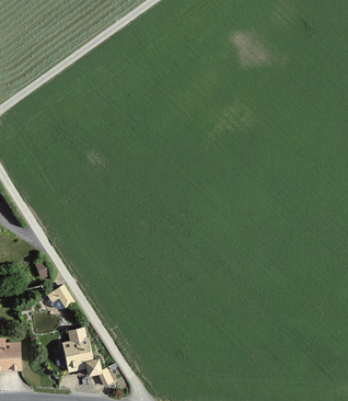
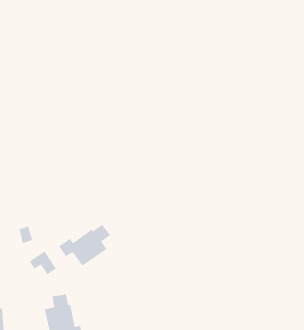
building: none -> [58,224,111,266]

